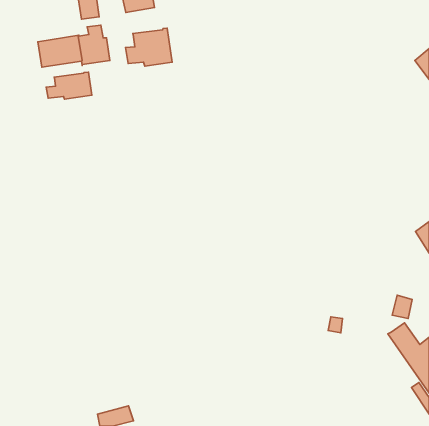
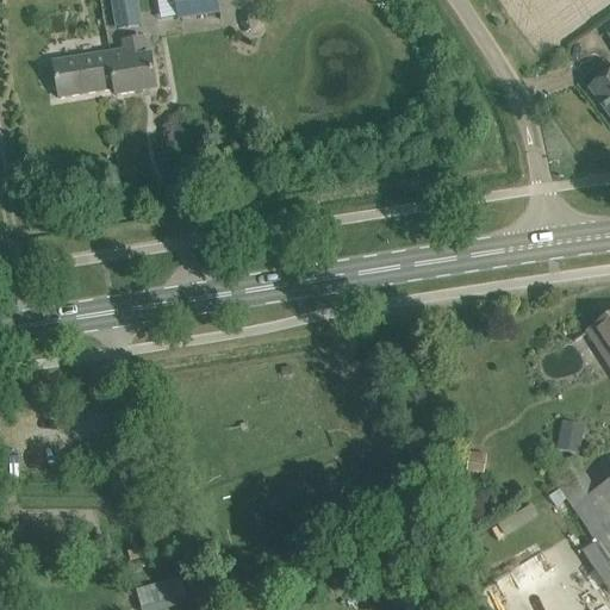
building: [125,28,172,66] -> none
building: [46,72,92,99] -> none

